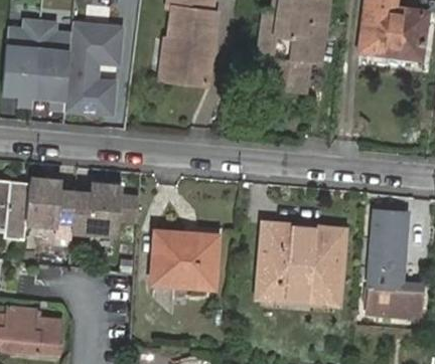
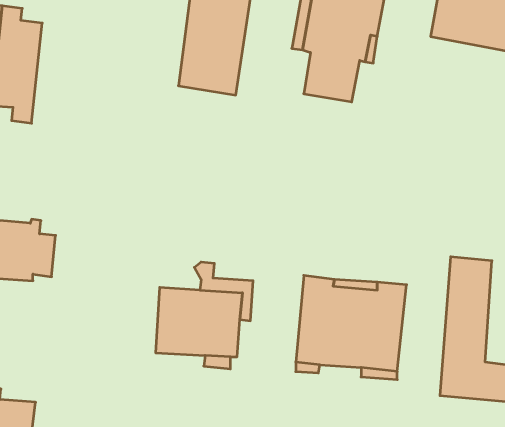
building: [58,24,115,114] -> none
building: [74,184,137,236] -> none

